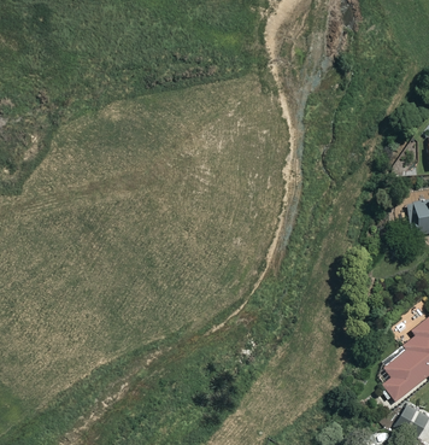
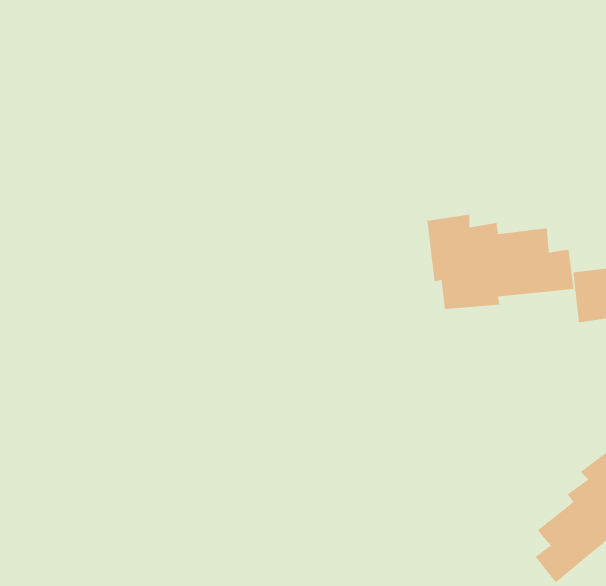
building: none -> [427,214,574,310]

